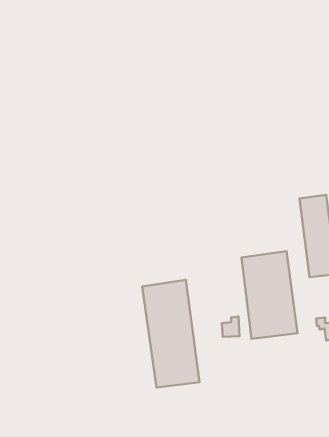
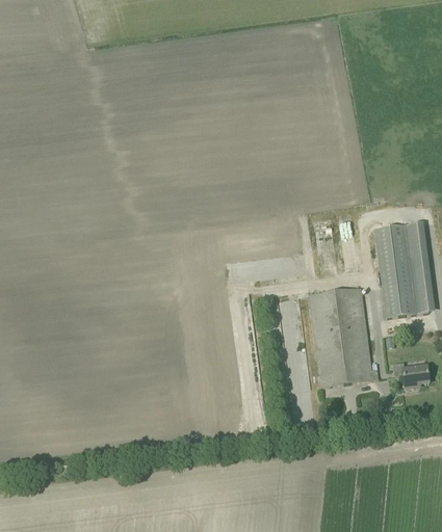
building: [142,280,200,387] -> none

